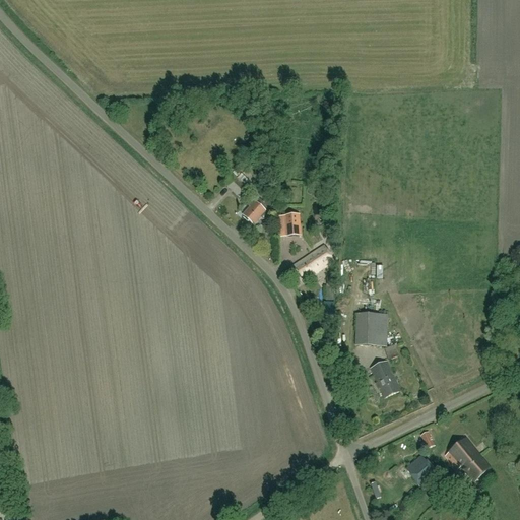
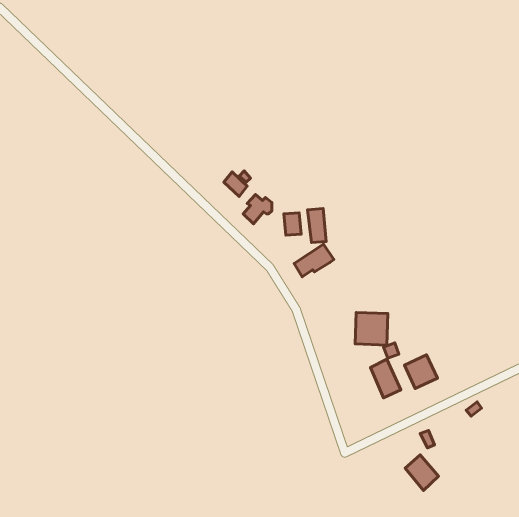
building: none -> [308,209,326,242]
building: none -> [405,355,437,388]
building: [443,436,490,481] -> none

